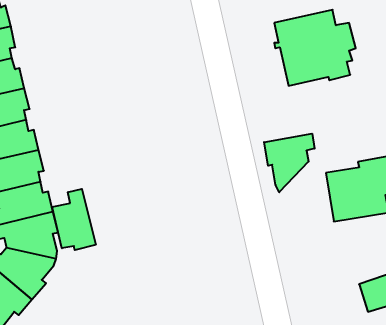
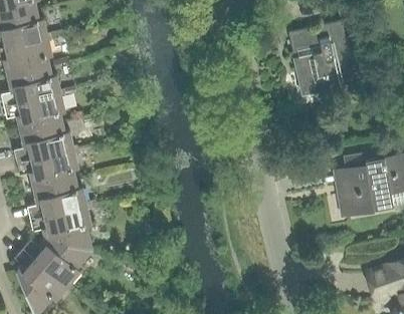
building: [264,134,315,192] -> none
building: [52,189,96,250] -> none

